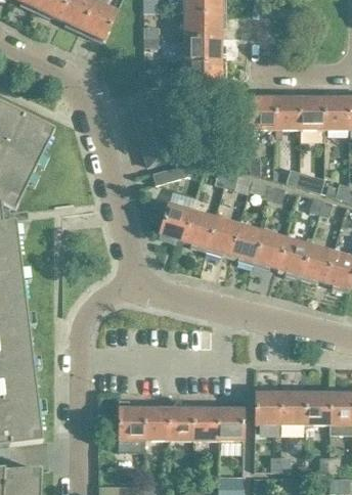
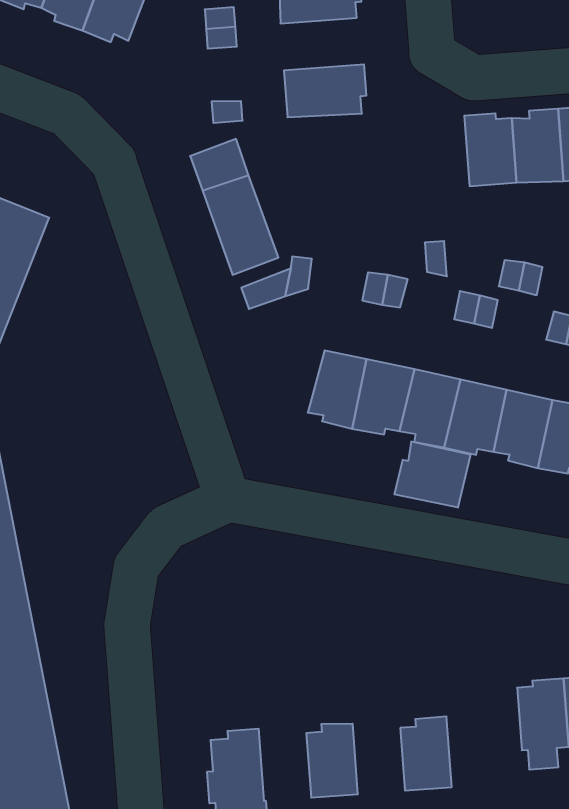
building: [183,37,226,61] -> none
building: [250,91,275,129] -> none
building: [160,201,193,241] -> none
building: none -> [395,441,471,508]
building: [255,389,280,424] -> none
building: [144,403,169,441] -> none
building: [193,404,218,441] -> none

